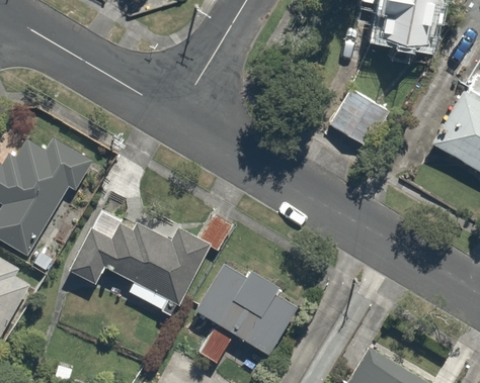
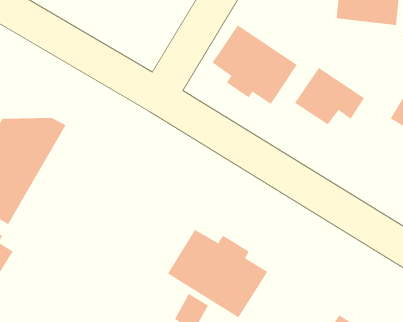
building: none -> [212,25,298,105]
building: [70,219,211,314] -> none

